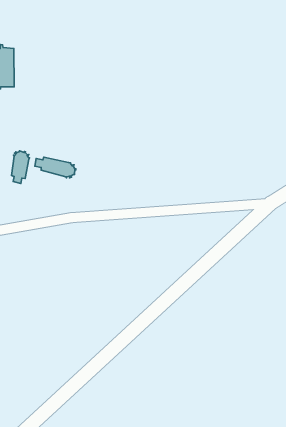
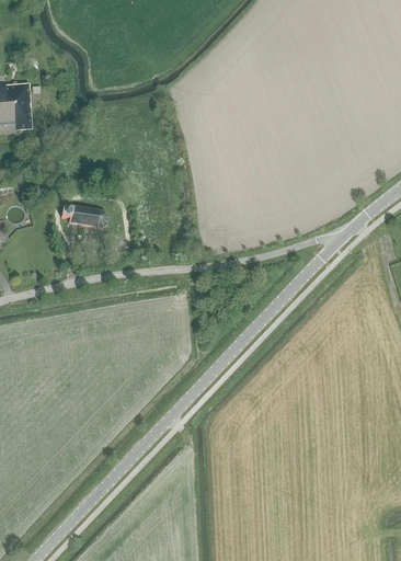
building: [11,151,29,183] -> none

